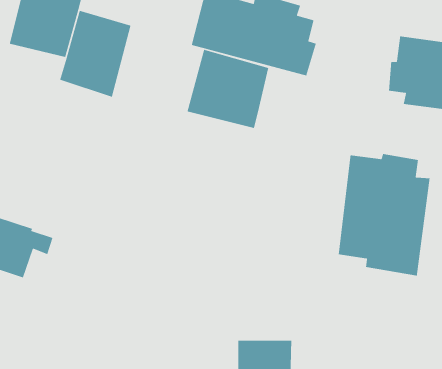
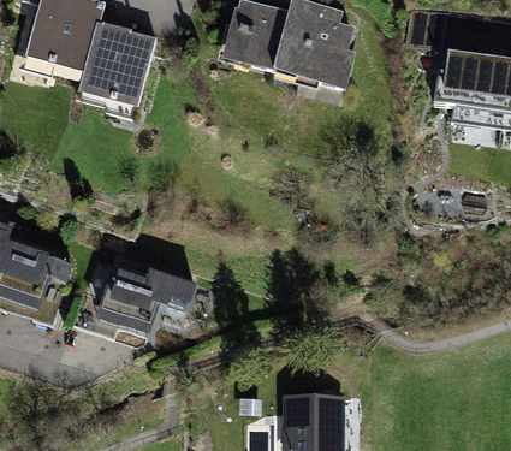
building: [187,49,269,129] -> none
building: [338,153,430,277] -> none
building: none -> [96,266,201,337]

